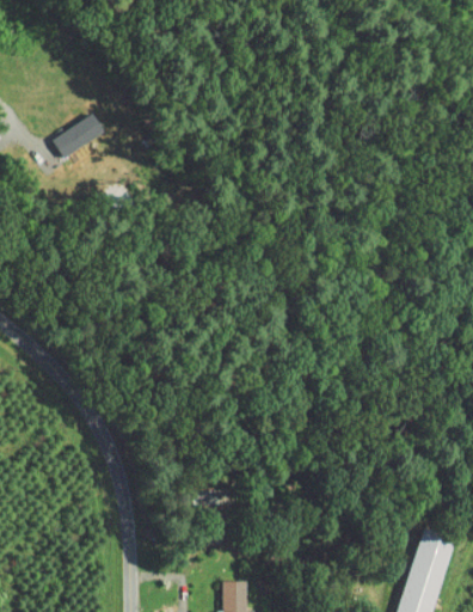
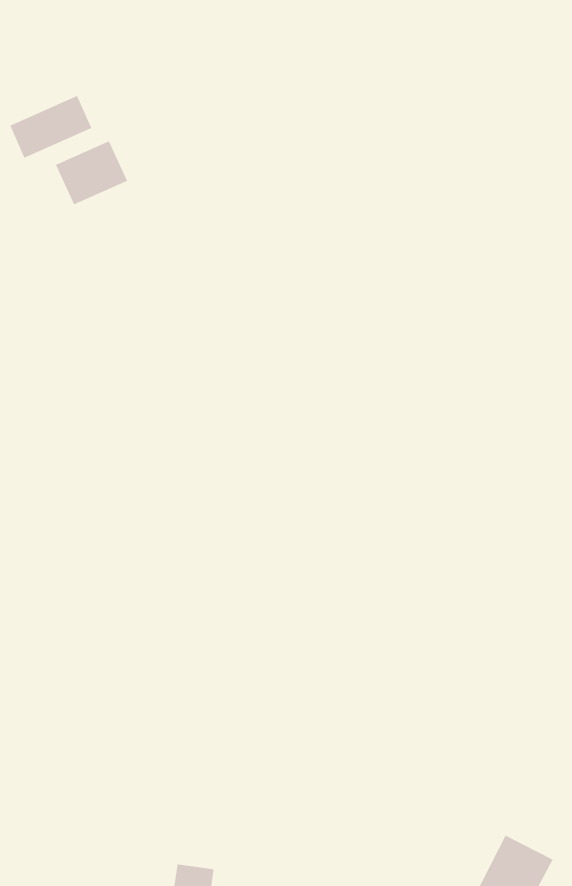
building: none -> [55,140,128,205]

